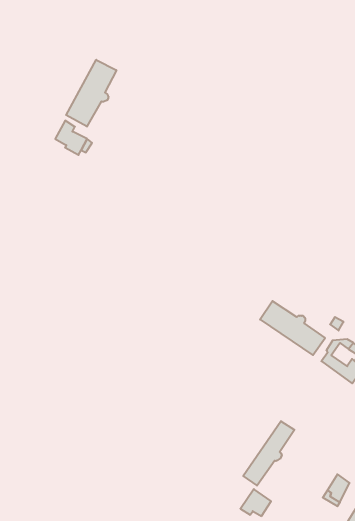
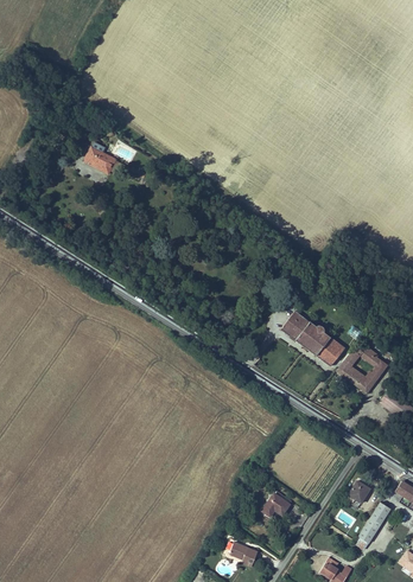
building: [66,60,116,127] -> none
building: [243,421,294,486] -> none

